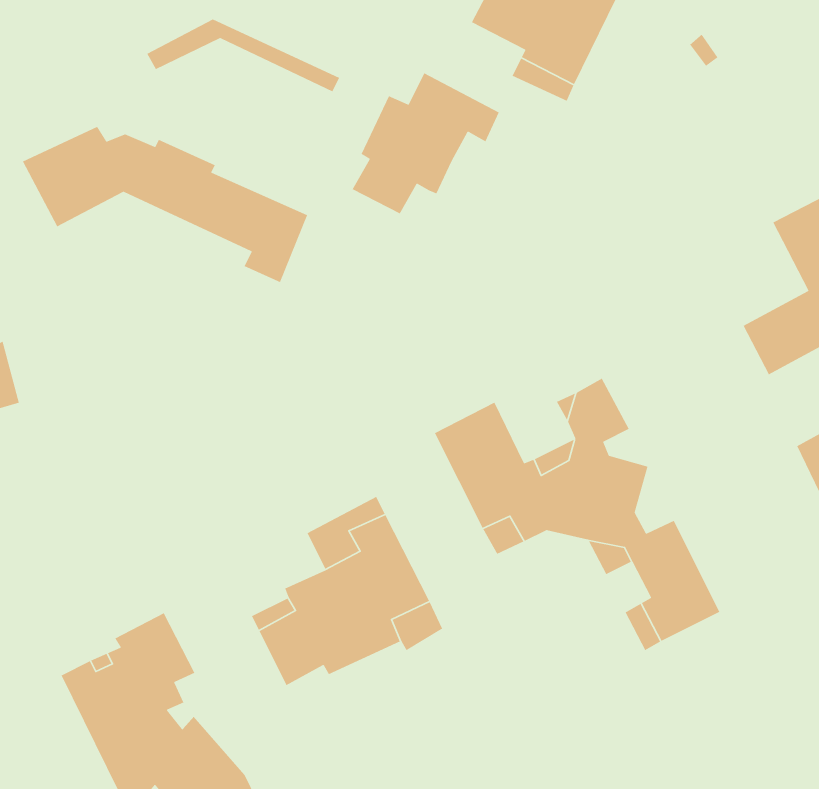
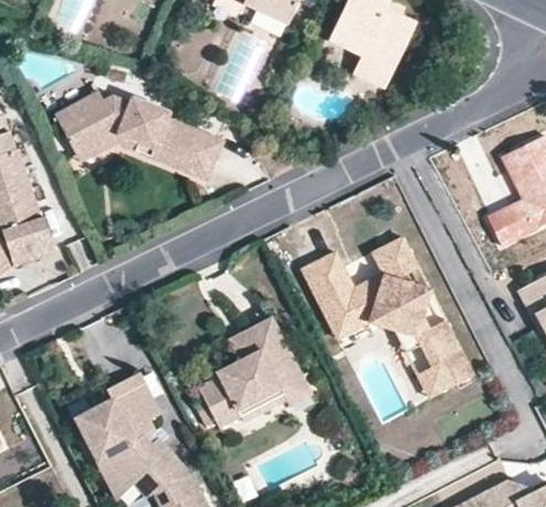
building: [146,18,340,92] -> [80,132,196,176]
building: [351,72,500,215] -> none

